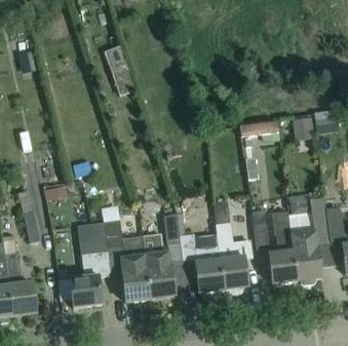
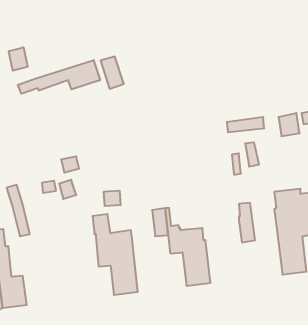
building: none -> [18,60,100,94]
building: [215,210,253,290] -> none
building: [269,230,297,284] -> none
building: [70,239,111,308] -> none
building: [144,241,175,299] -> none

